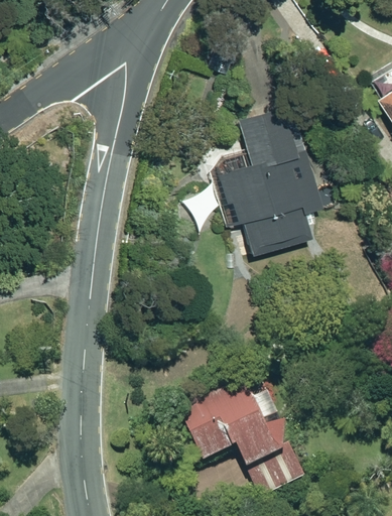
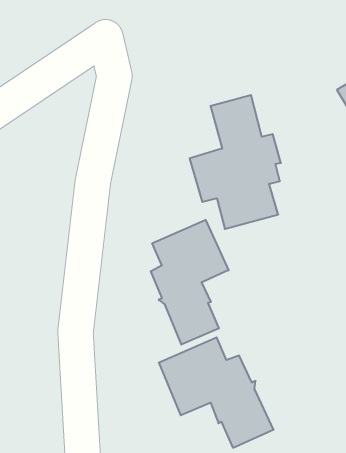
building: none -> [151,220,229,345]

